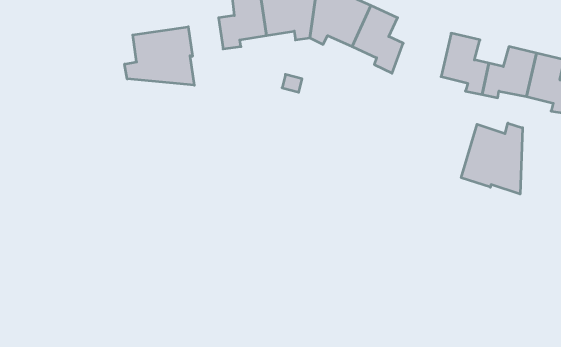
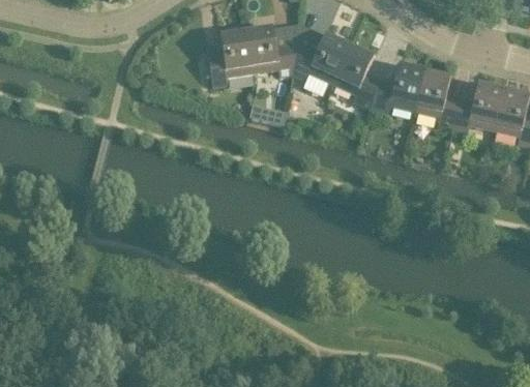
building: none -> [369,62,423,110]
building: [125,27,194,85] -> none
building: [461,123,523,194] -> none

